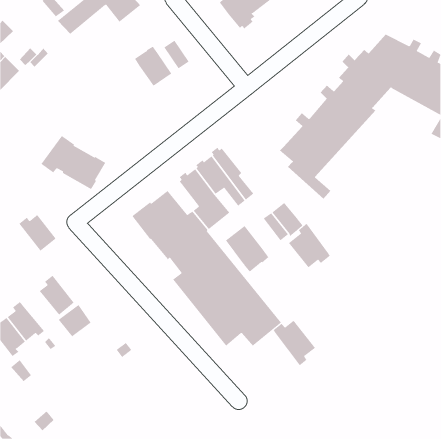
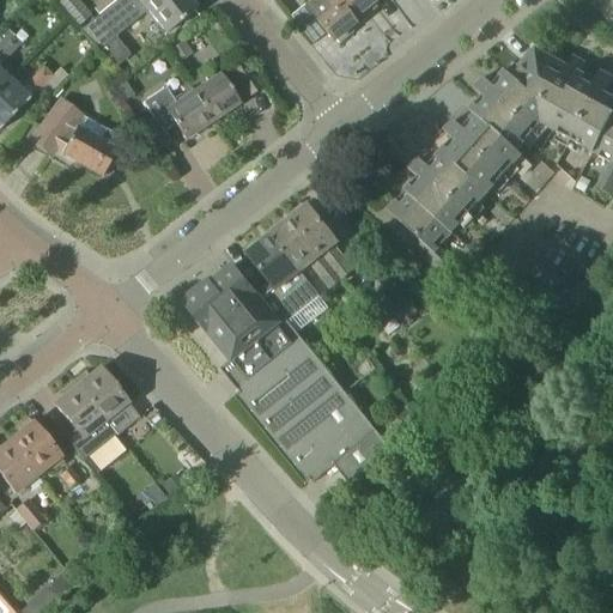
building: none -> [142,86,212,139]
building: [41,135,106,190] -> [31,99,122,175]
building: [19,214,57,251] -> [73,368,126,419]
building: [288,223,331,268] -> none
building: [225,225,269,272] -> none
building: [273,320,316,366] -> none

